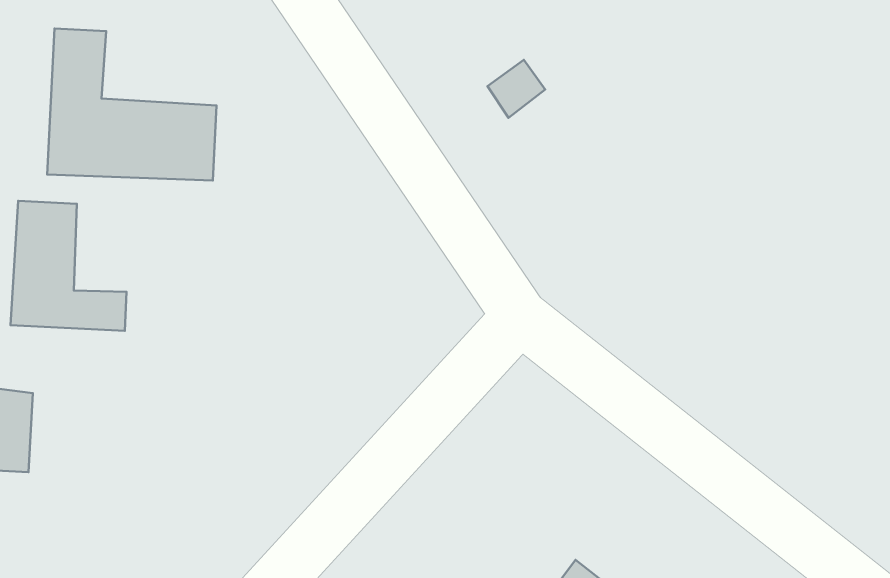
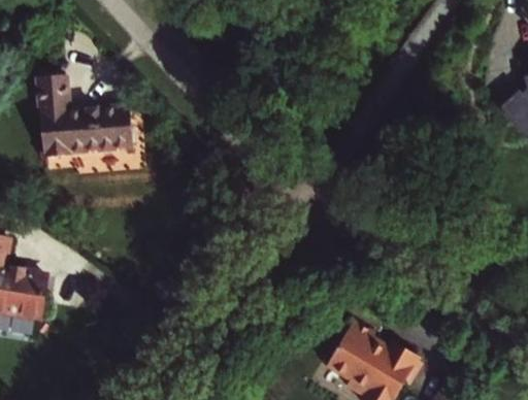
building: [10,201,126,331] -> none

